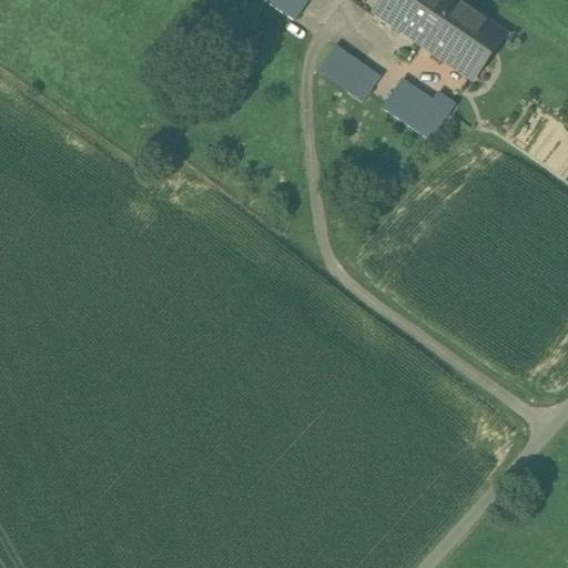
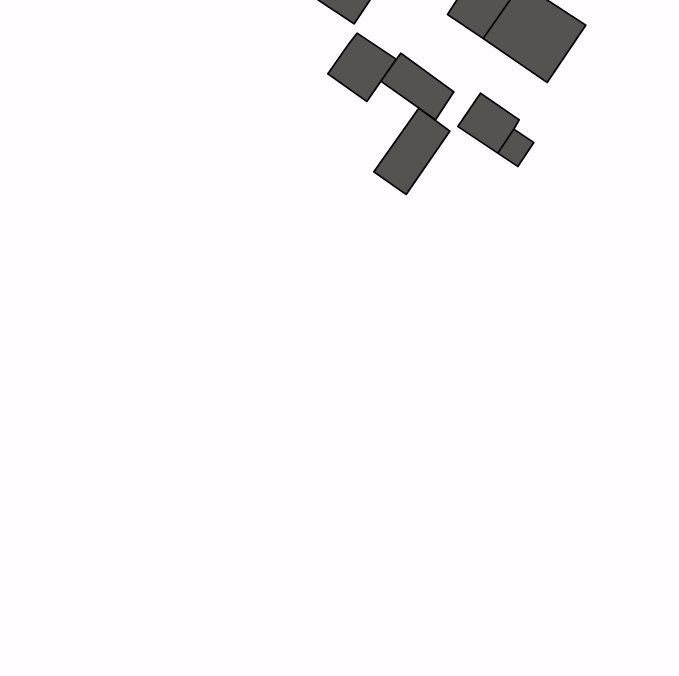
building: [457,21,505,79] -> none
building: none -> [328,33,396,101]
building: none -> [374,108,450,195]

